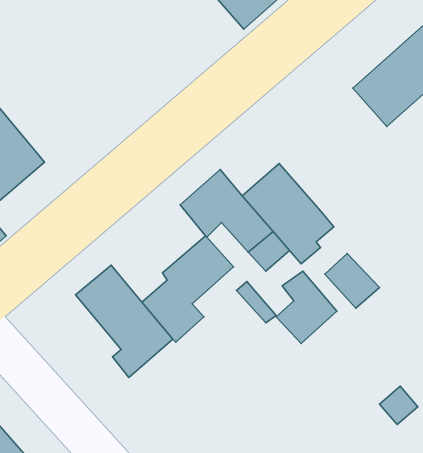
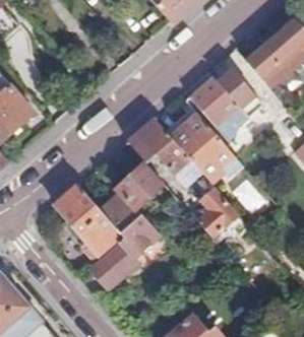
building: none -> [185,72,263,146]
building: none -> [86,219,158,290]

